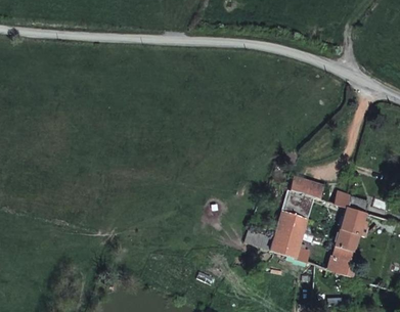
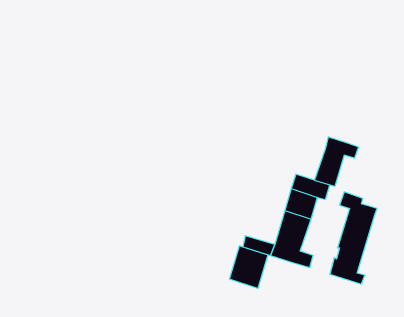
building: none -> [315,137,358,186]
building: none -> [230,246,268,289]

